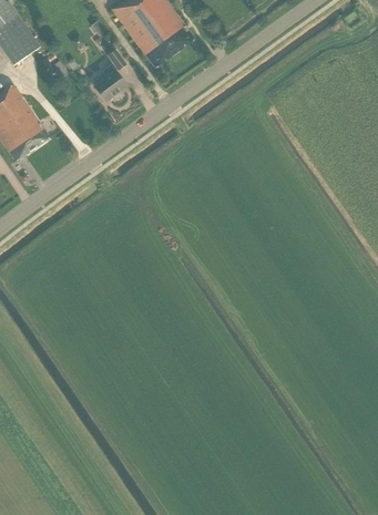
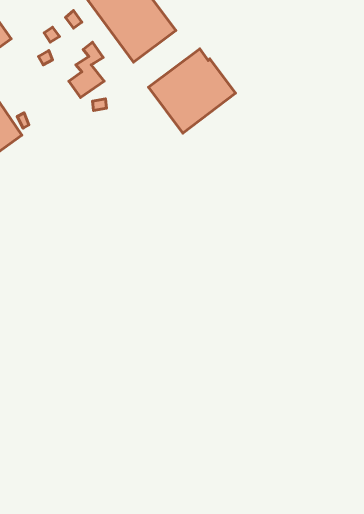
building: none -> [149,49,235,133]

